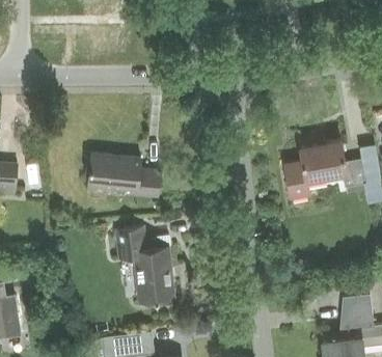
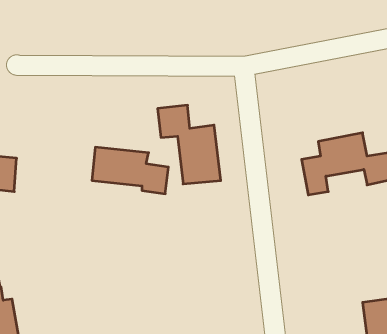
building: [115,228,174,302] -> [158,105,221,184]

